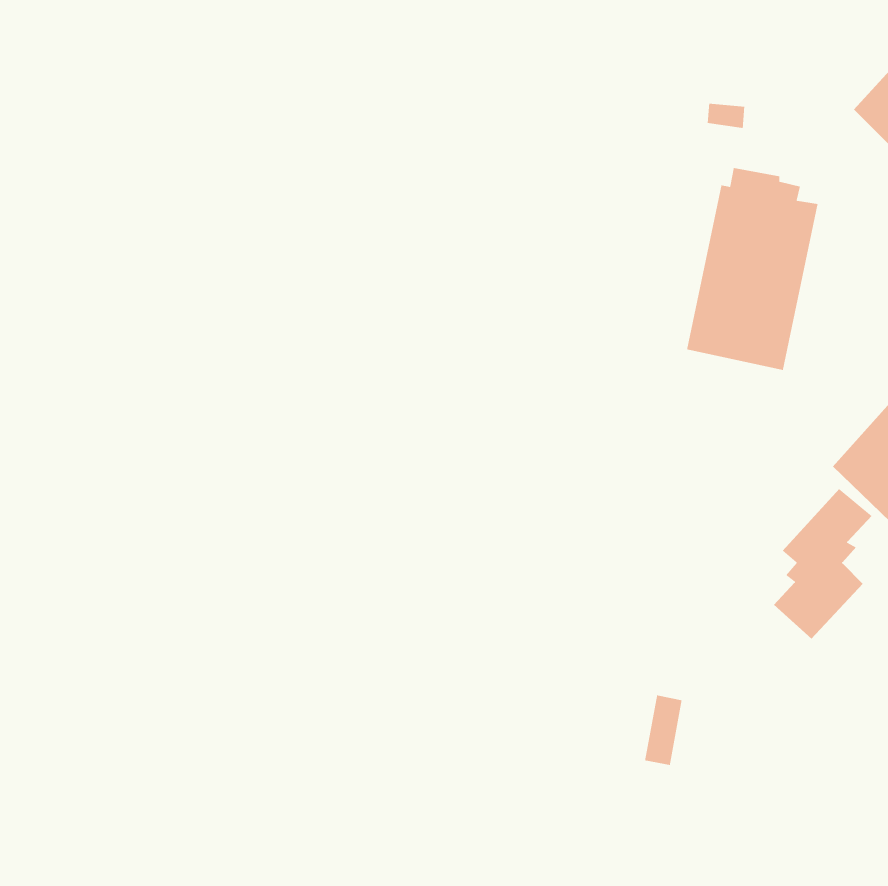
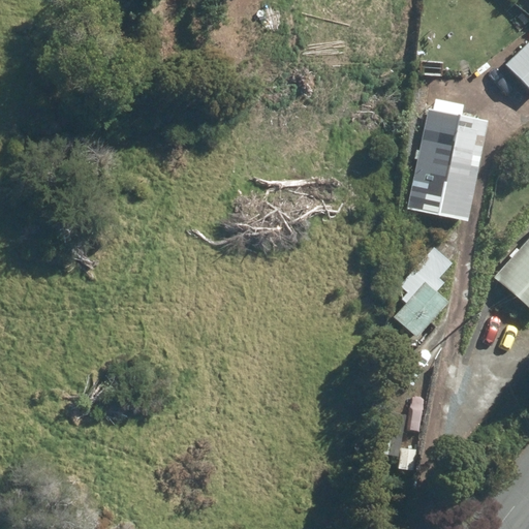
building: [773,488,872,640] -> [394,247,453,337]

